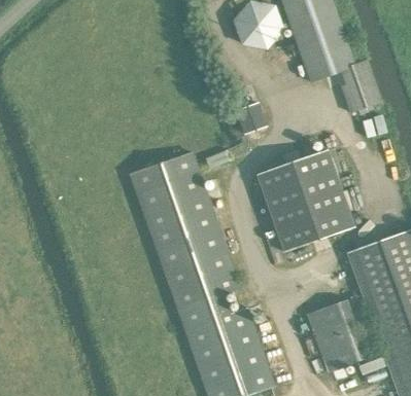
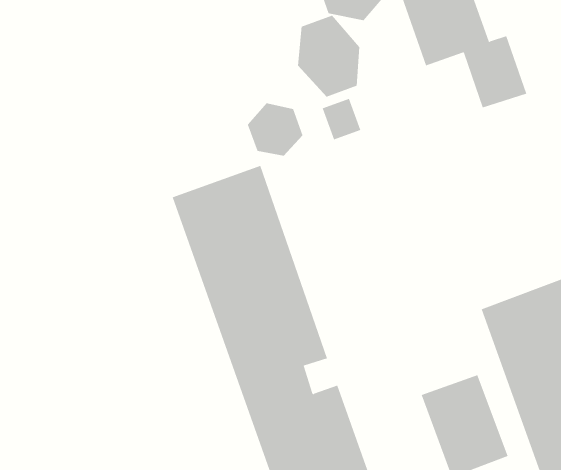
building: none -> [297,15,360,97]
building: none -> [247,102,303,157]
building: [256,150,353,252] -> none

